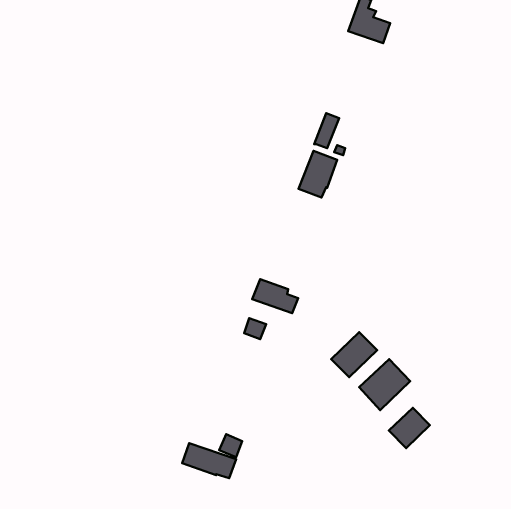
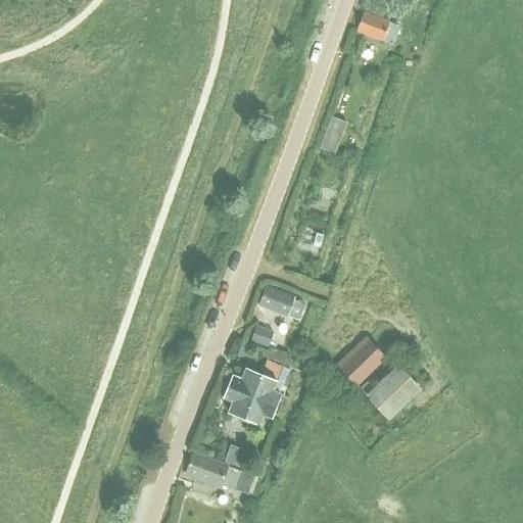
building: [299,151,337,197] -> none
building: none -> [223,359,282,423]
building: [389,408,430,448] -> none

